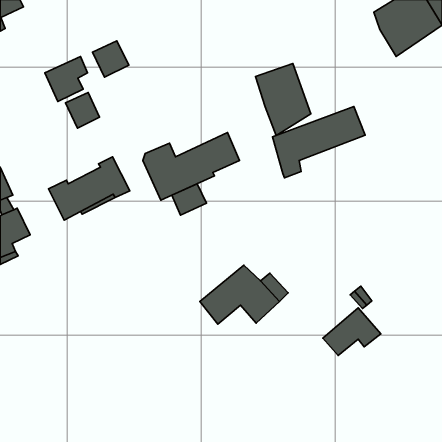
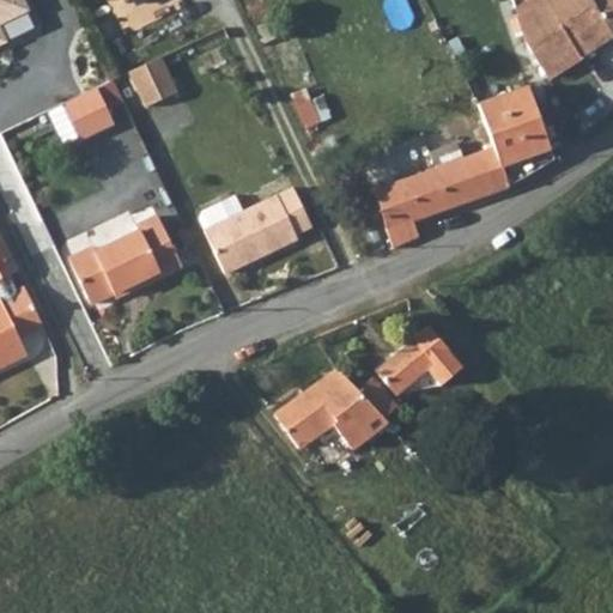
building: [256,64,311,136] -> [477,87,553,187]
building: [66,92,100,128] -> none
building: [172,184,207,215] -> none
building: [323,308,381,356] -> [376,327,456,393]

